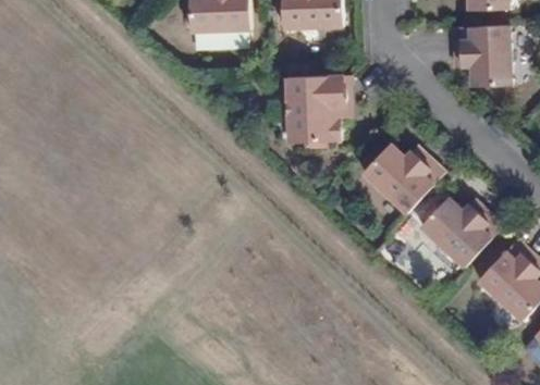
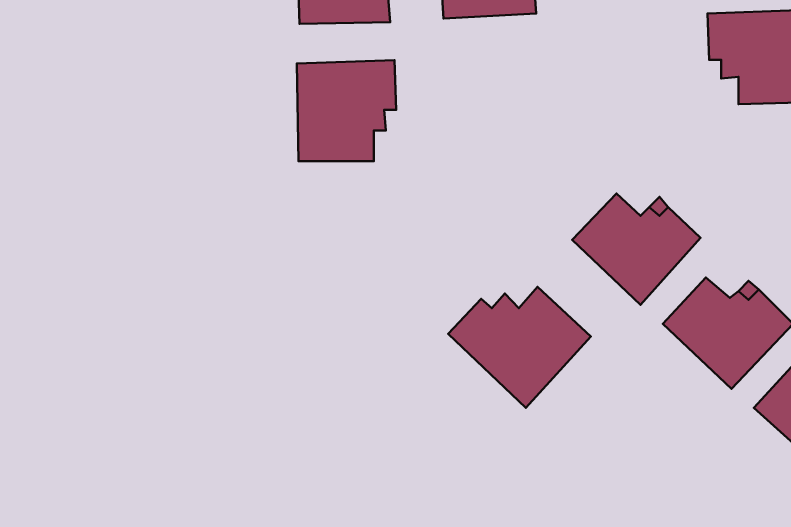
building: [285,78,348,142] -> [297,60,396,161]
building: none -> [448,287,591,408]

